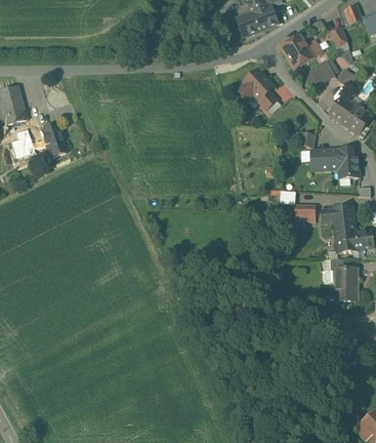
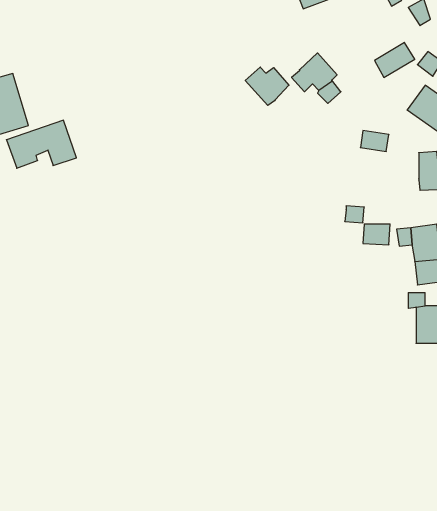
building: [280,34,322,69] -> none
building: none -> [245,67,289,105]
building: [310,148,338,169] -> none

